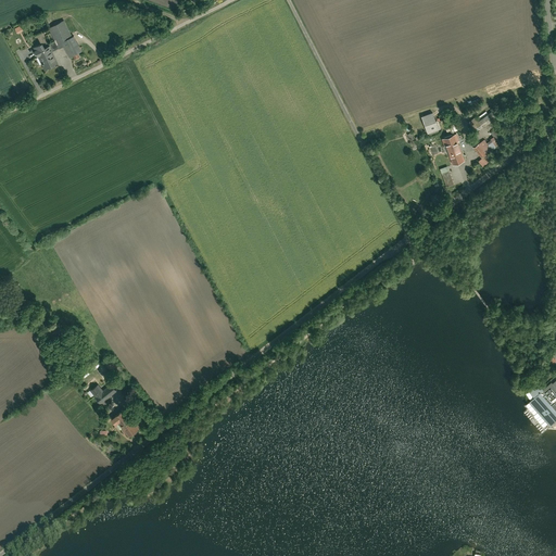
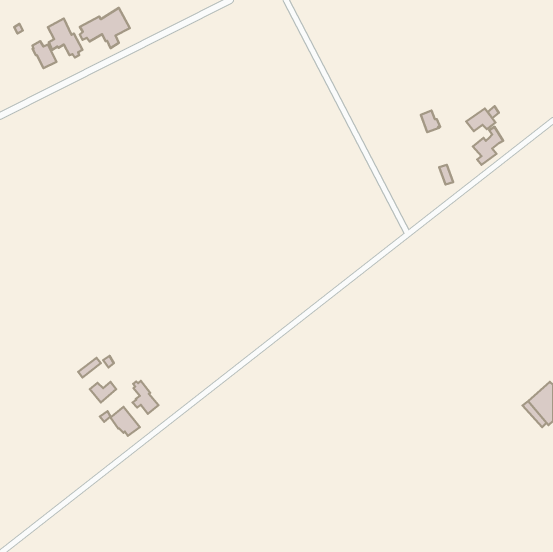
building: none -> [80,8,130,48]
building: [441,134,465,166] -> none
building: none -> [132,381,159,414]

